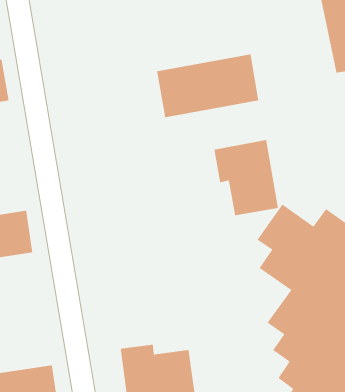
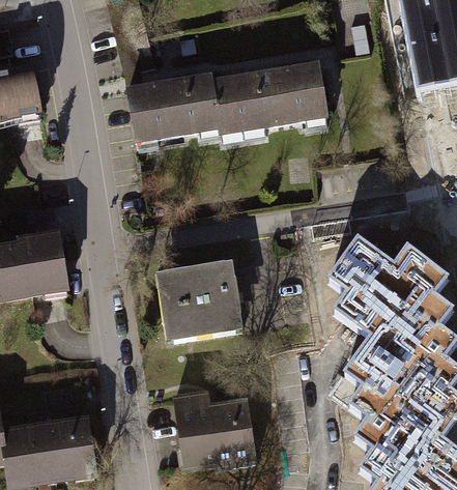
building: none -> [125,75,219,144]
building: [213,139,279,216] -> none
building: none -> [153,256,247,342]

